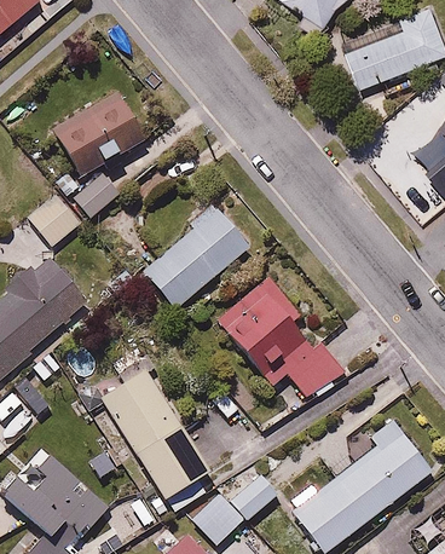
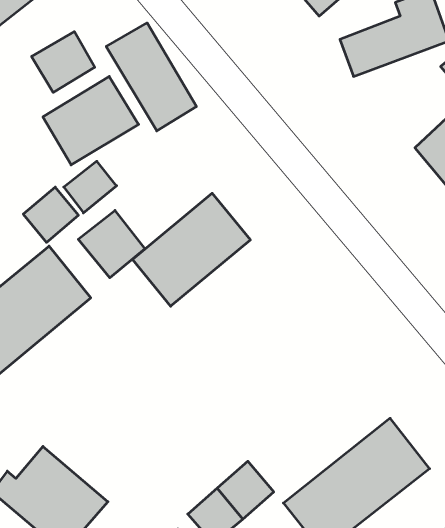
building: none -> [106,23,196,131]
building: none -> [32,32,95,92]
building: none -> [78,210,145,278]
building: [213,276,346,403] -> none
building: [98,368,209,501] -> none

